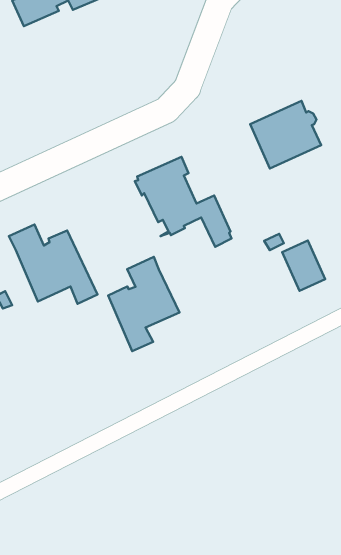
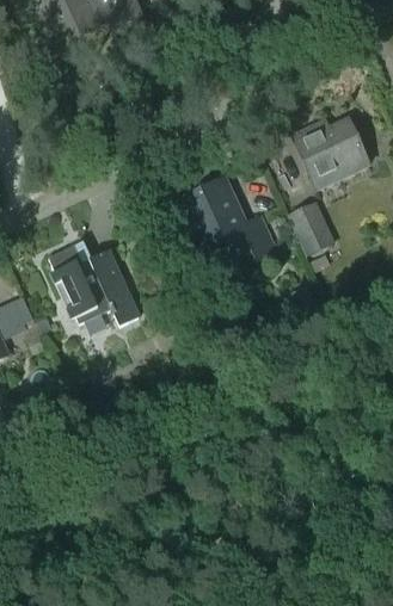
building: [282,241,325,291] -> [289,203,333,254]
building: [108,257,180,351] -> none

